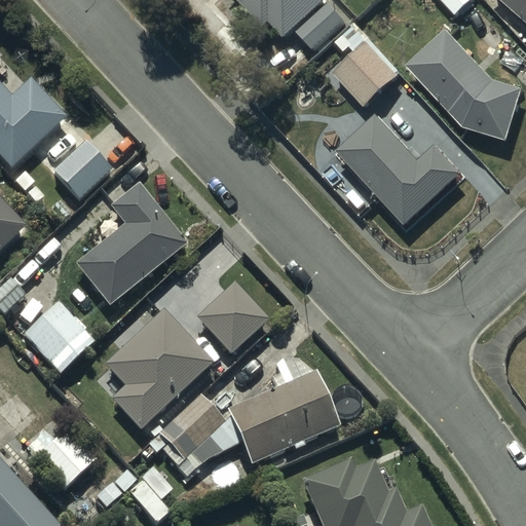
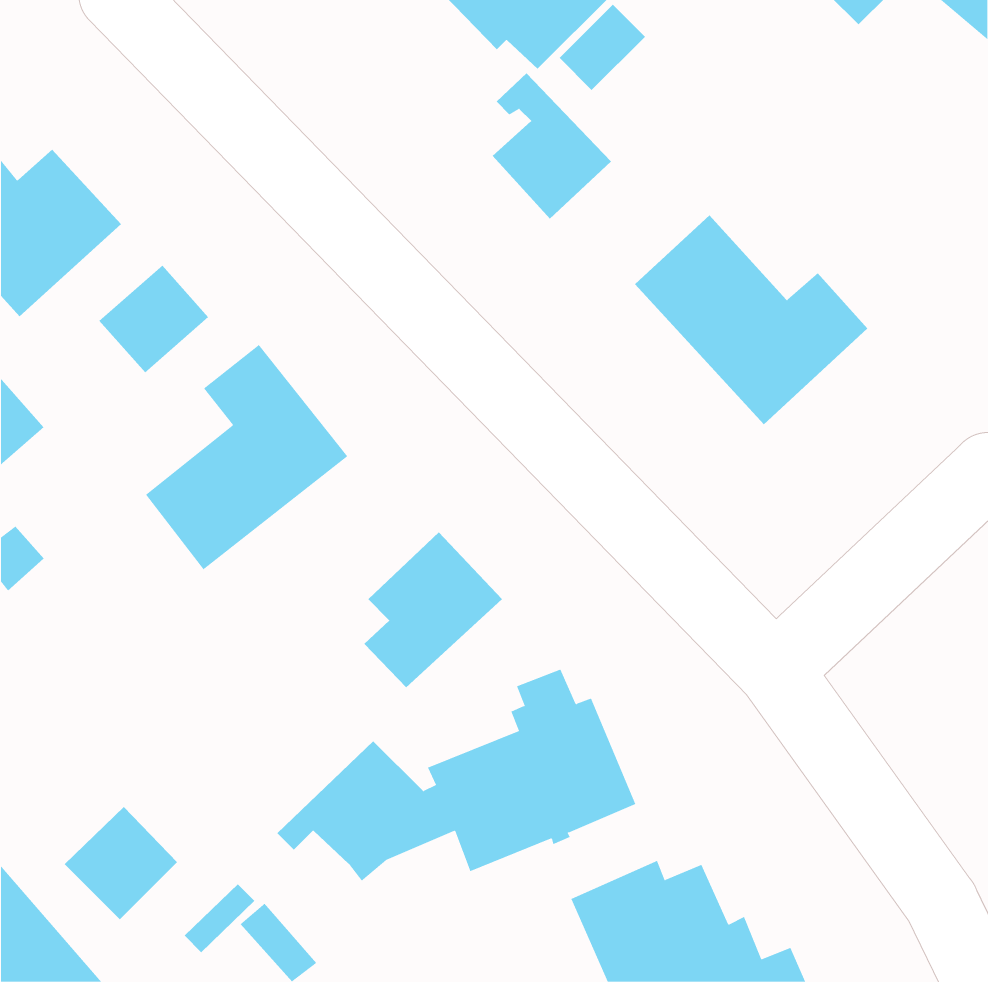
building: [334,27,398,105] -> [492,73,612,220]
building: [408,28,521,139] -> none
building: [23,302,93,373] -> none
building: [104,310,212,428] -> none

